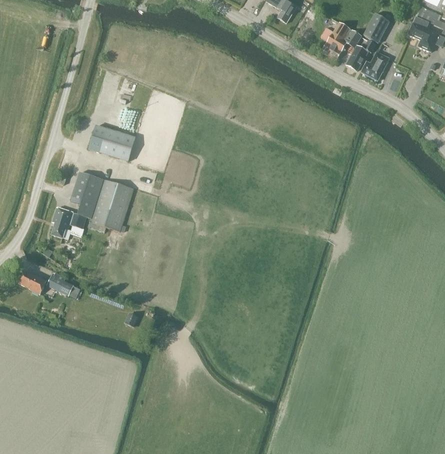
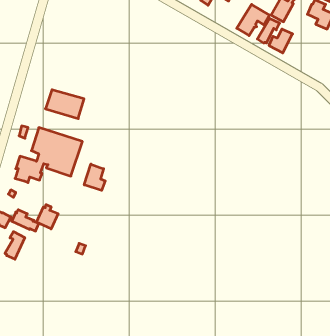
building: none -> [84,164,105,190]
building: none -> [36,205,58,229]
building: none -> [5,232,25,259]

